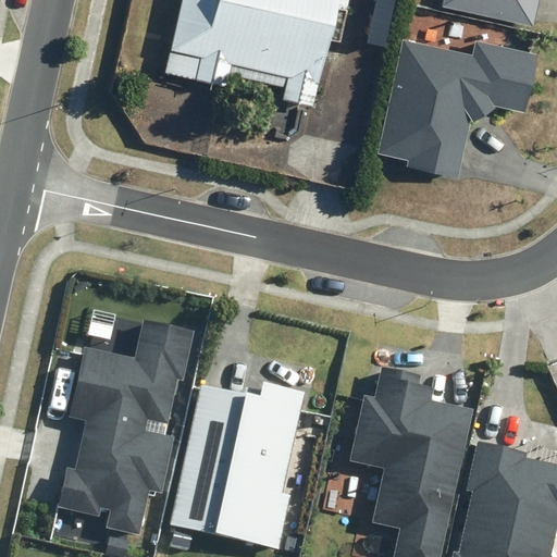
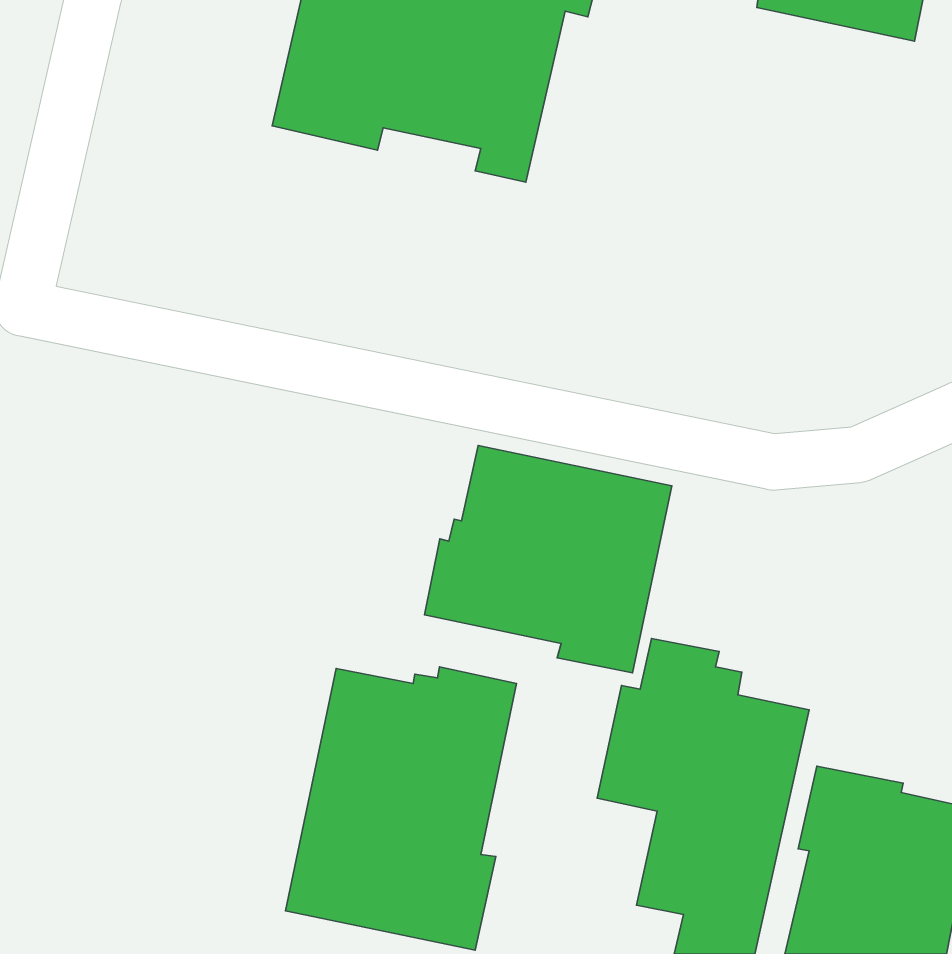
building: [377,38,536,175] -> none
building: none -> [425,445,672,673]
building: [58,323,193,539] -> none

